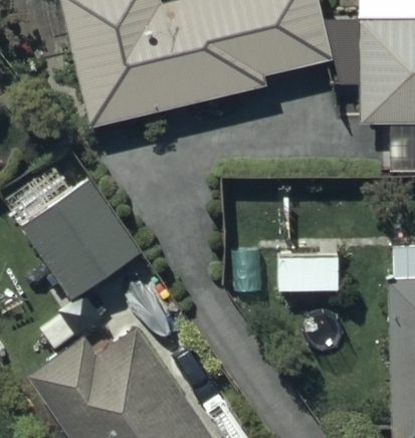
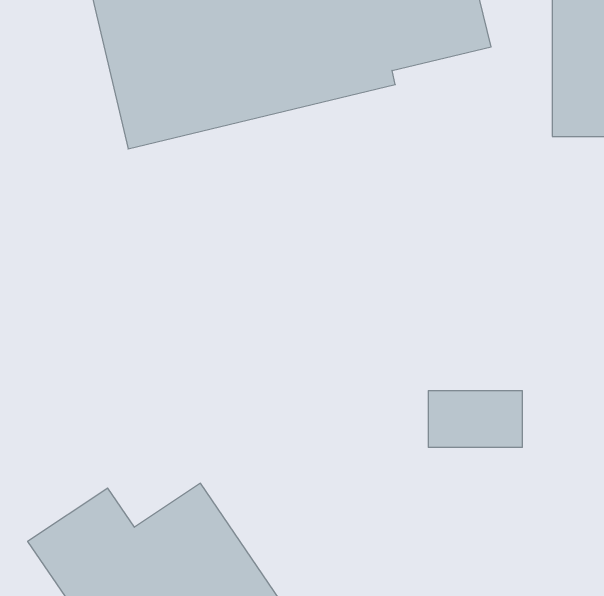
building: [19,183,130,298] -> none

